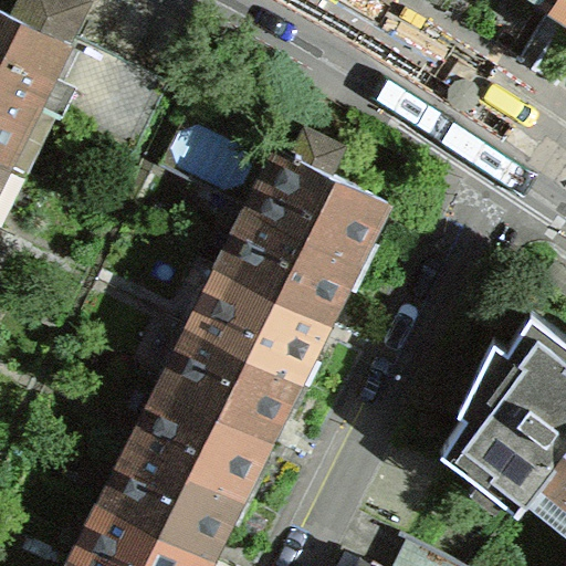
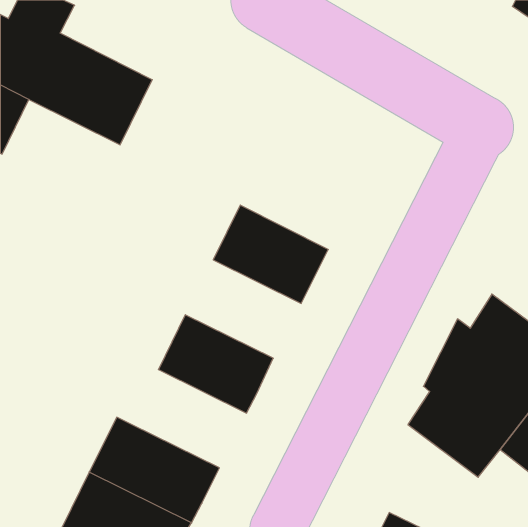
building: [258,135,382,269] -> none
building: [199,280,323,385] -> none
building: [142,397,264,502] -> none

